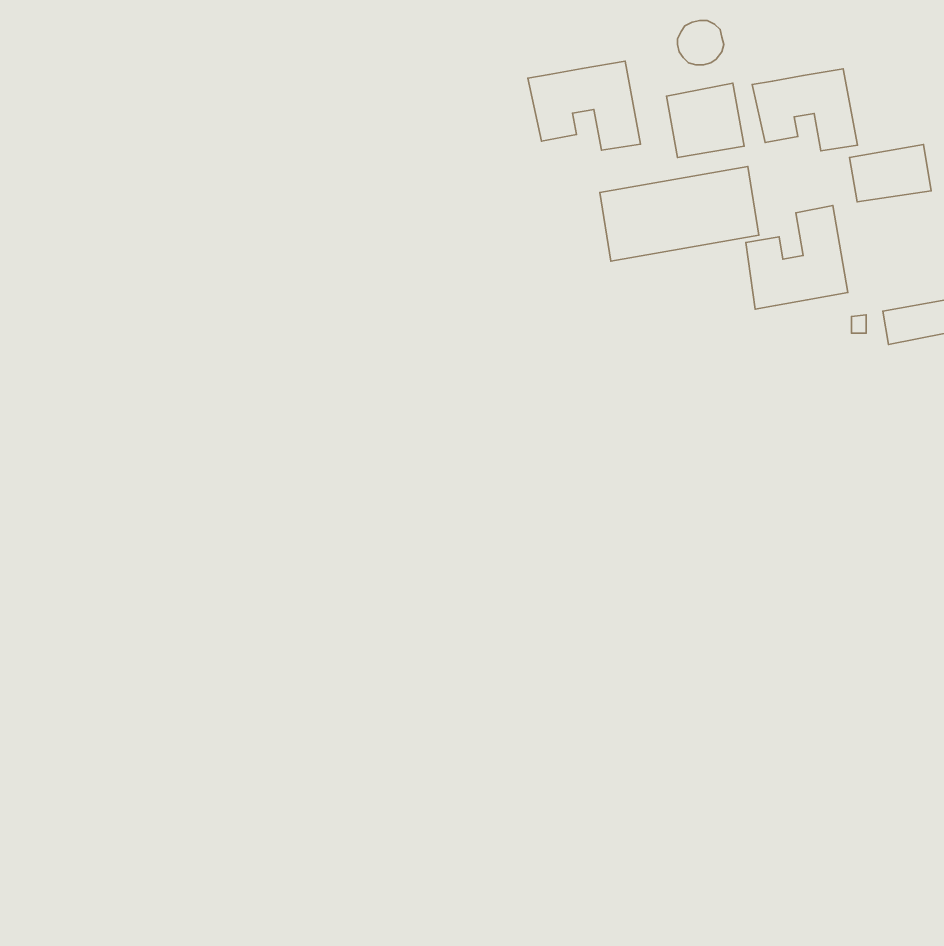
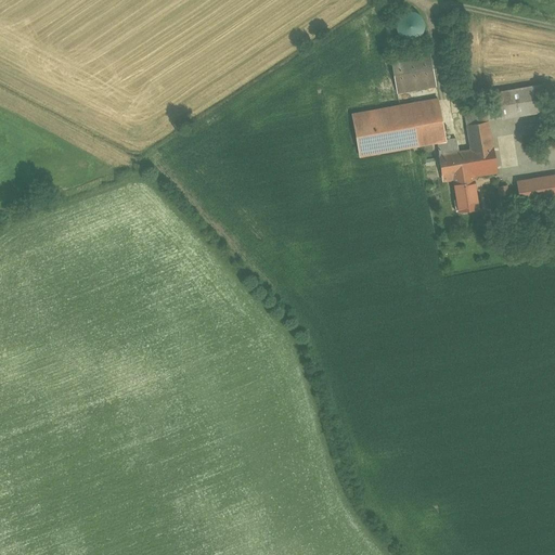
building: [528,61,641,150] -> none
building: [752,69,857,151] -> none
building: none -> [455,176,479,211]

